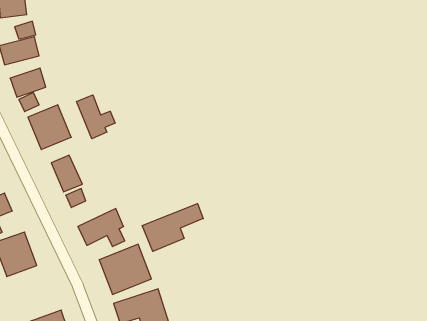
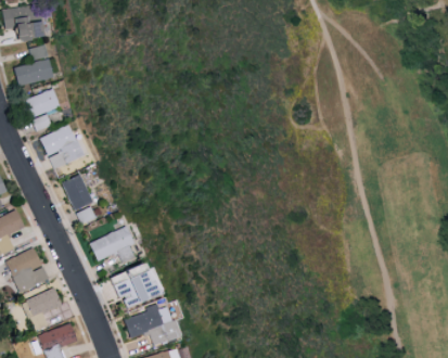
building: [77,95,115,139] -> none
building: [142,204,203,251] -> none
building: none -> [25,287,63,330]

